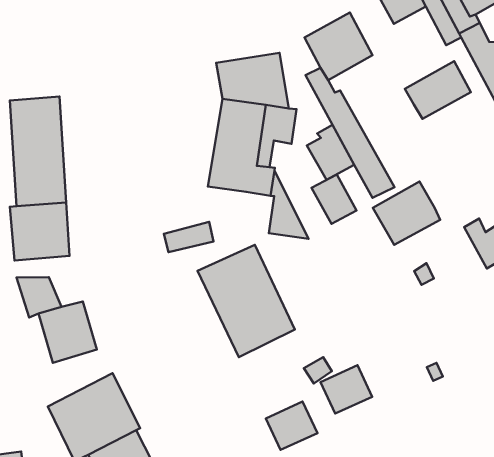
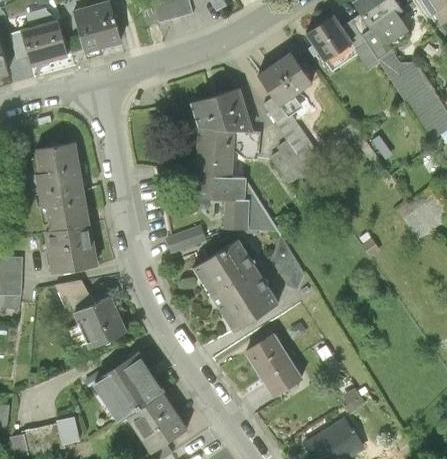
building: [405,61,471,119] -> none
building: [312,175,356,224] -> none
building: [373,182,440,245] -> none
building: none -> [224,200,248,230]
building: [321,365,372,413] -> [246,334,287,373]

